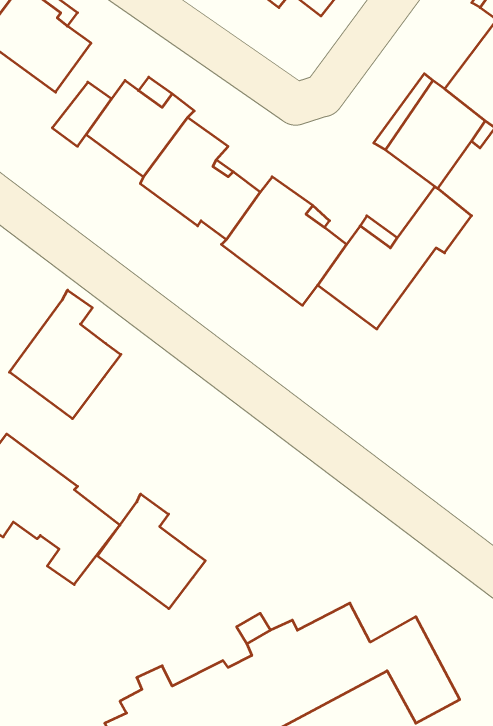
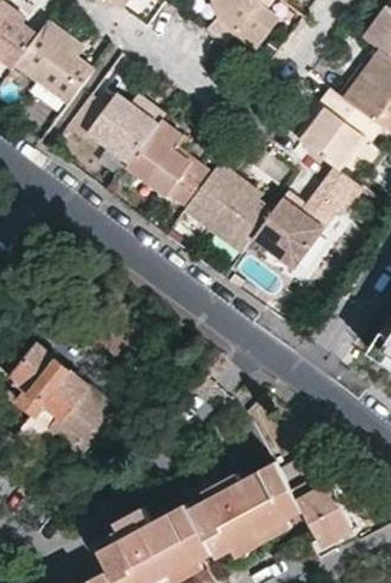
building: [9,290,121,419] -> none
building: [98,494,205,609] -> none

